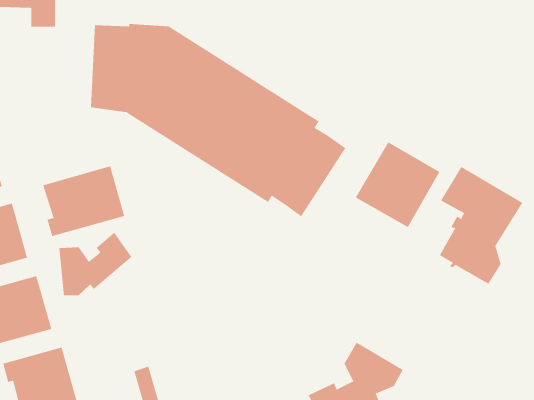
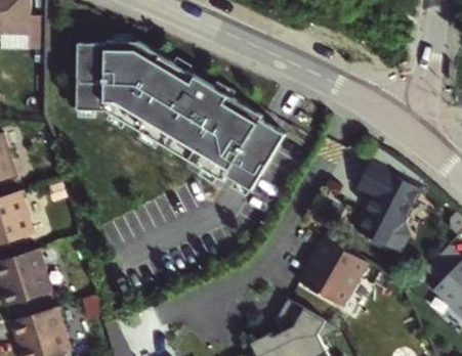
building: [355,141,440,228] -> [303,238,372,308]
building: [43,166,125,237] -> none
building: [59,232,132,296] -> none

